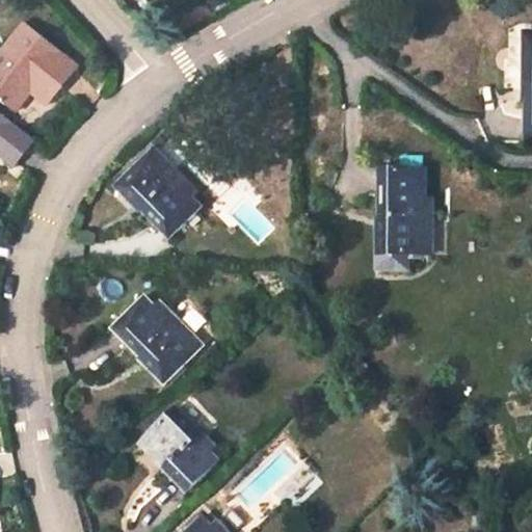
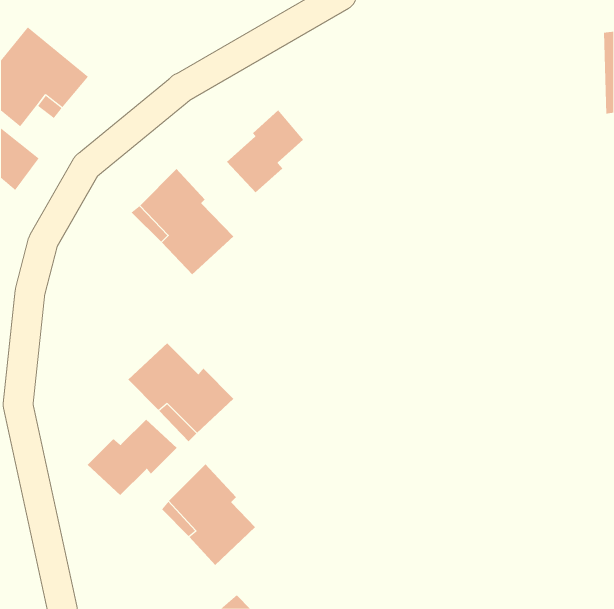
building: none -> [226,109,304,193]
building: [377,167,431,268] -> none
building: none -> [87,419,177,496]

